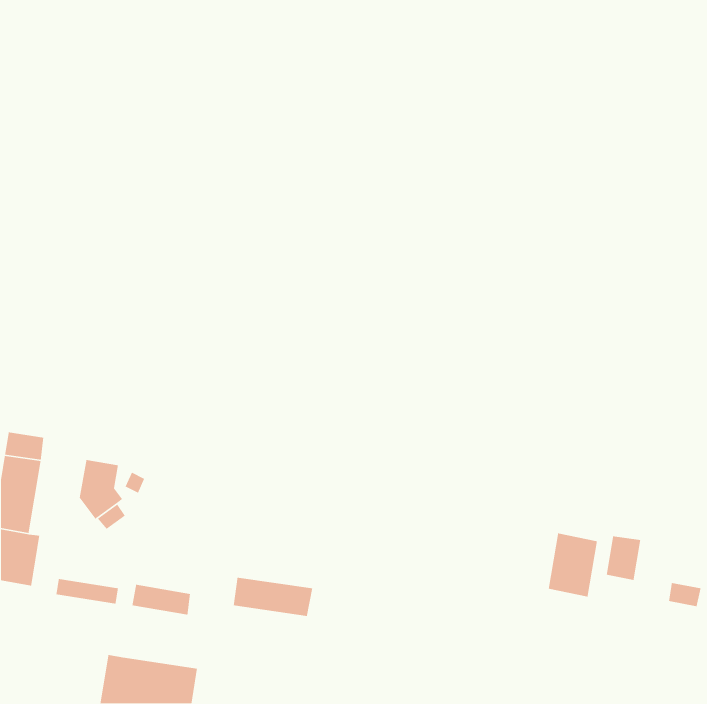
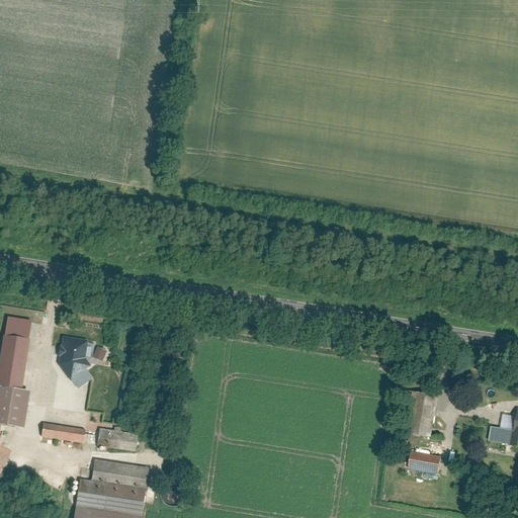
building: [606,535,641,581] -> none
building: [233,577,313,617] -> [90,459,149,489]
building: none -> [408,451,441,474]

